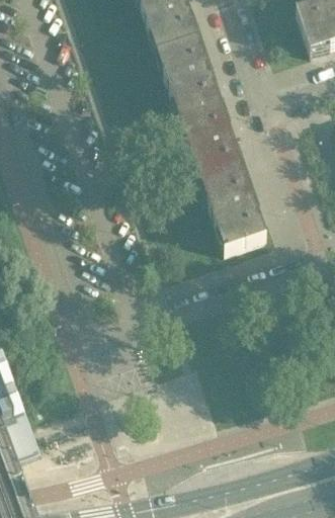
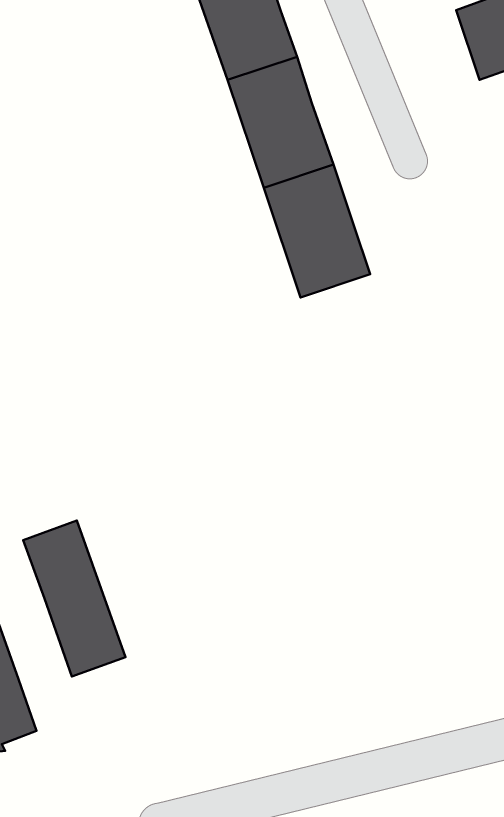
building: [201,172,267,252] -> none
building: none -> [23,521,125,677]

